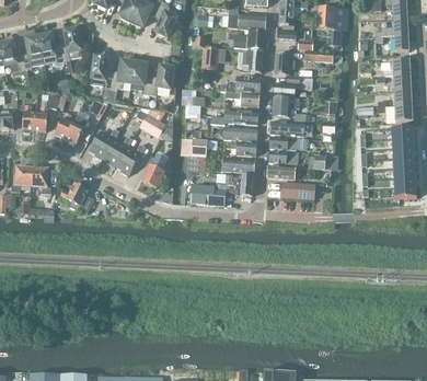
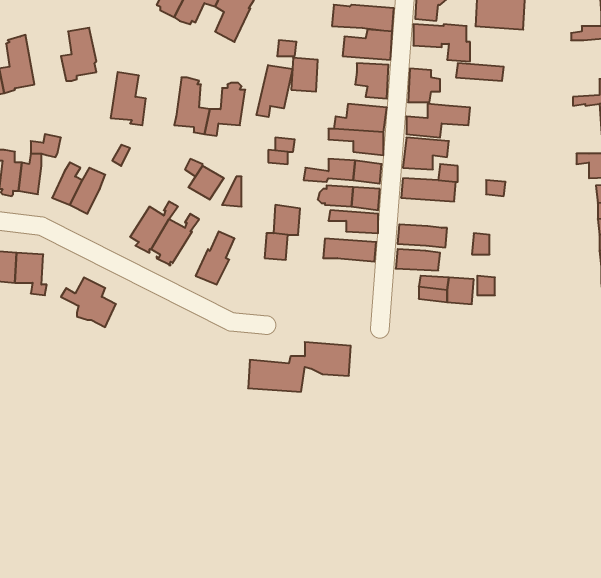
building: [37,32,62,64] -> none
building: none -> [256,65,292,117]
building: [109,58,134,90] -> none
building: [89,128,118,160] -> none
building: [268,136,309,152] -> none
building: [189,174,253,205] -> [248,342,351,392]

